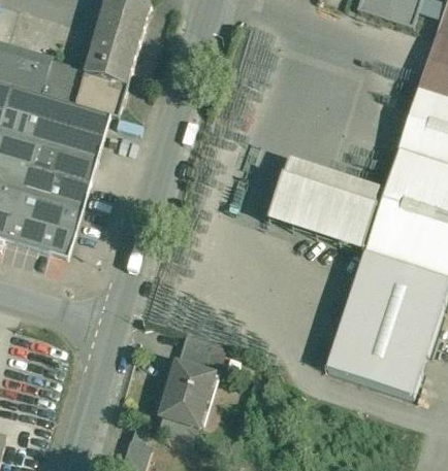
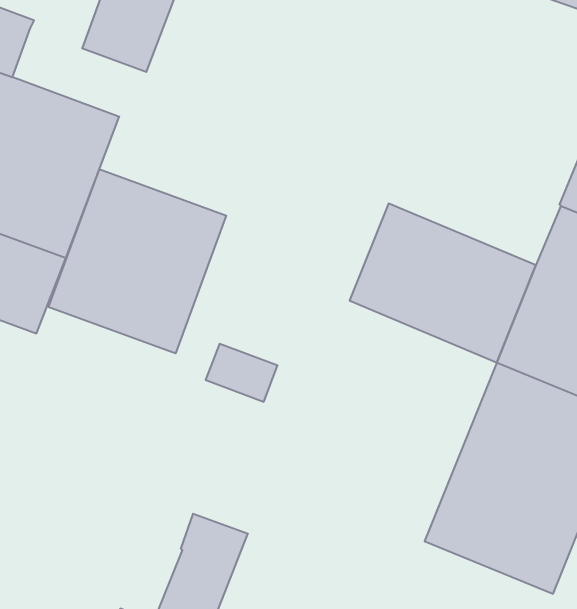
building: [42,60,128,114] -> none
building: none -> [49,169,226,353]
building: [181,332,226,367] -> [206,344,278,402]

